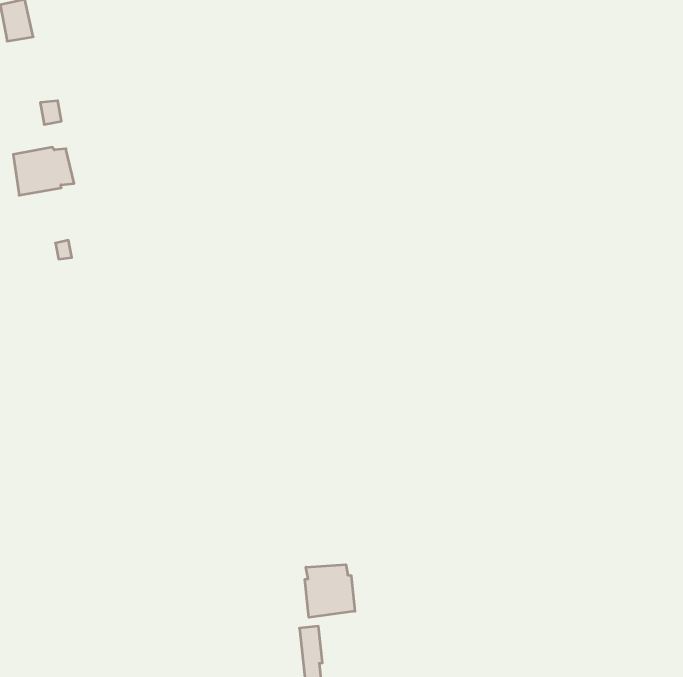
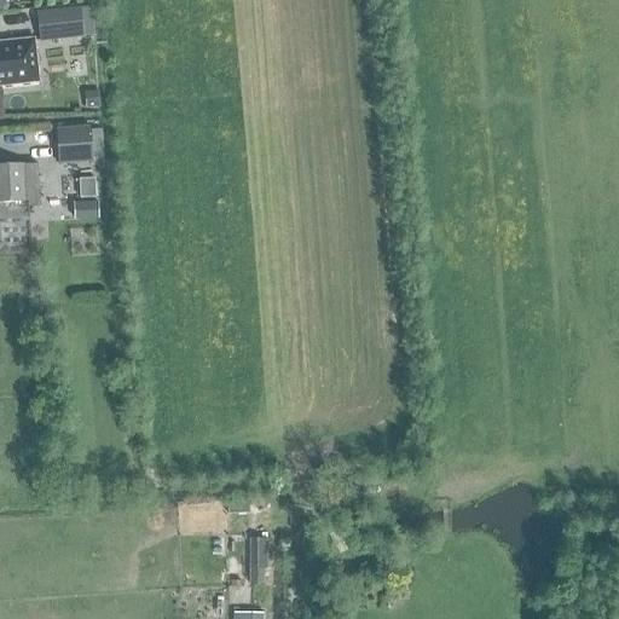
building: [305,565,355,617] -> none

